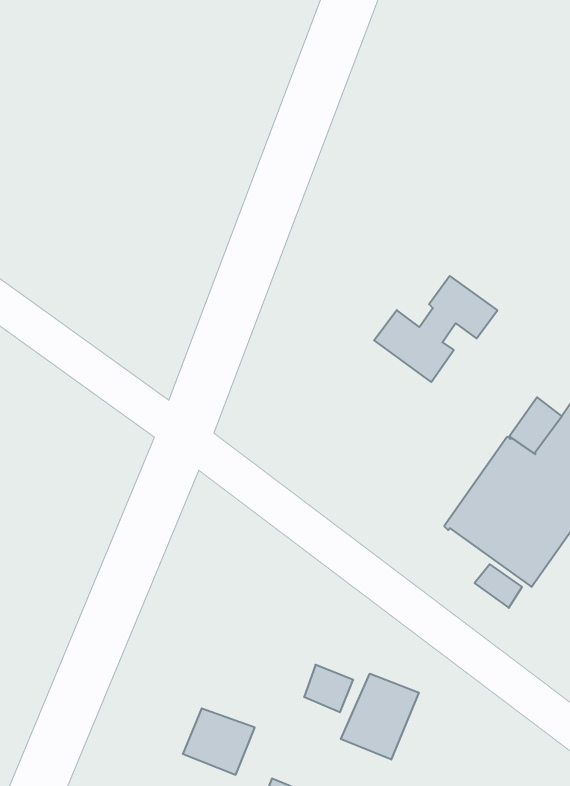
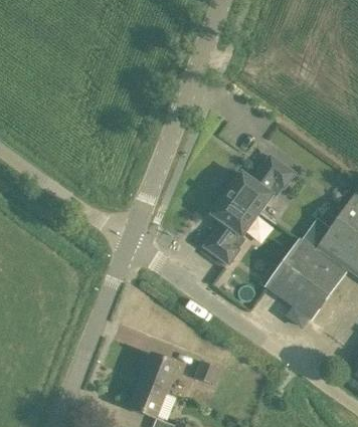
building: none -> [204,187,260,262]
building: none -> [139,351,179,392]
building: [341,674,419,760] -> none

